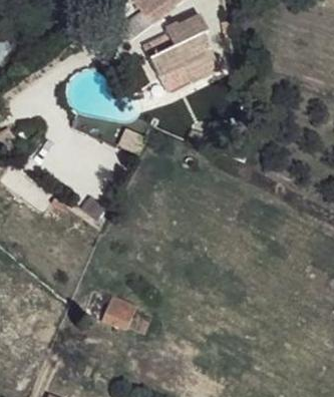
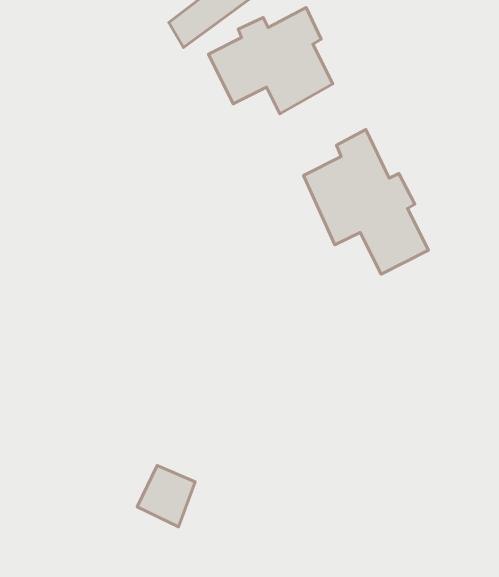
building: none -> [303,130,428,274]

